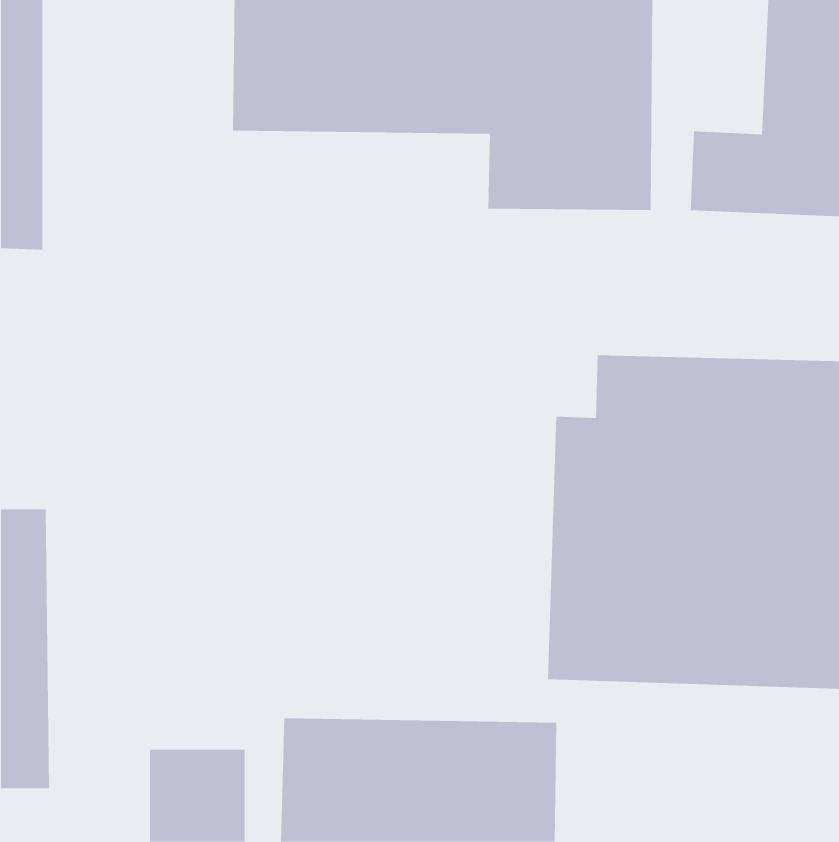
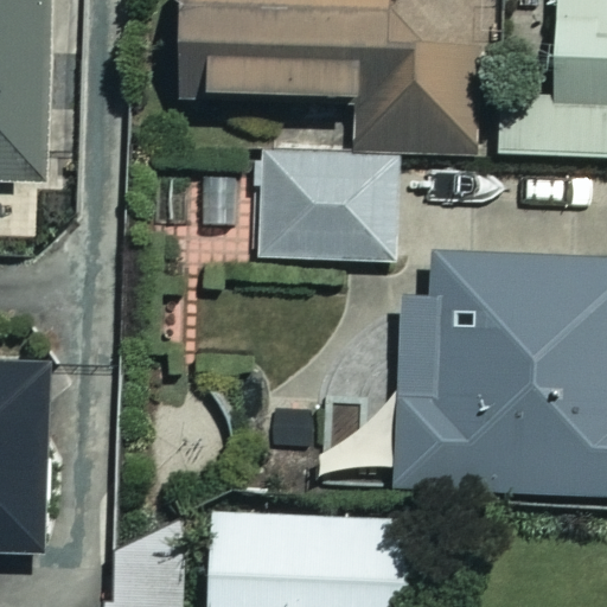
building: none -> [258,153,398,260]

